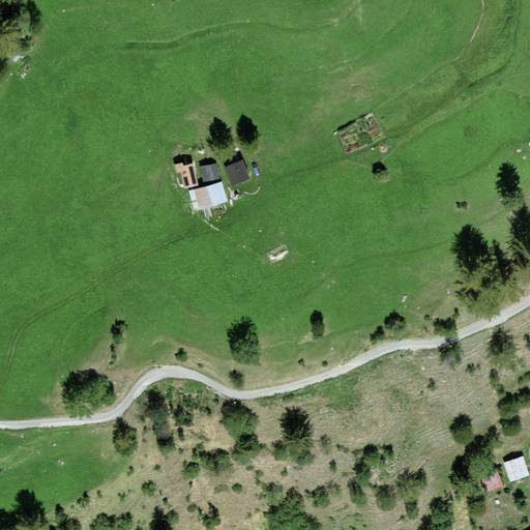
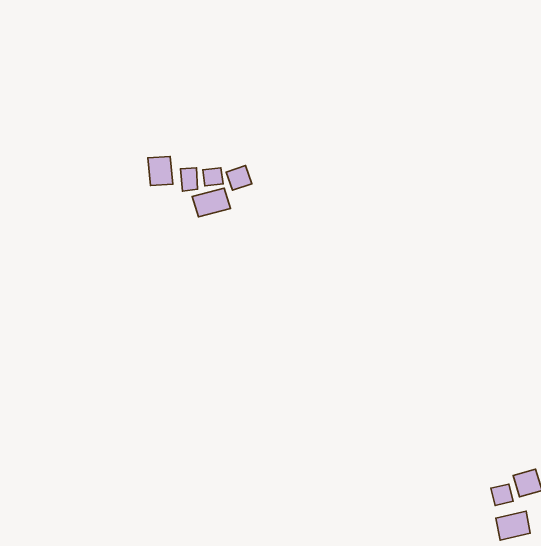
building: none -> [148,157,173,185]
building: none -> [496,511,530,540]

